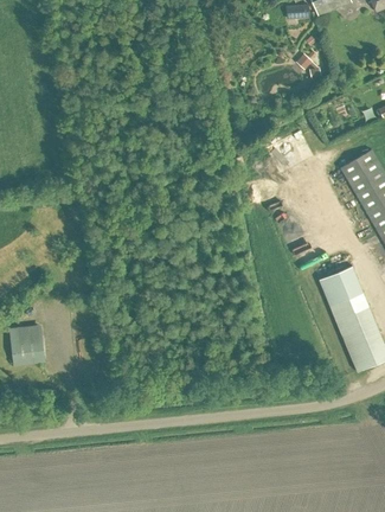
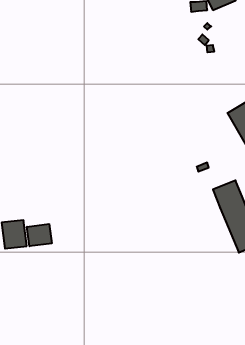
building: none -> [27,224,52,246]

